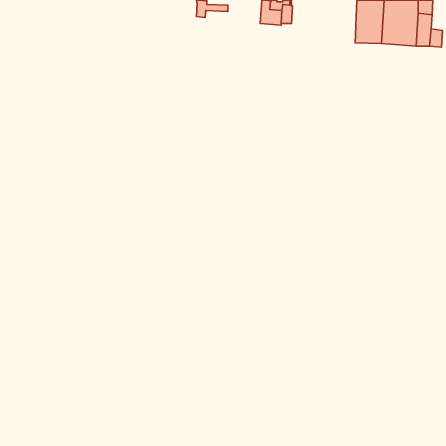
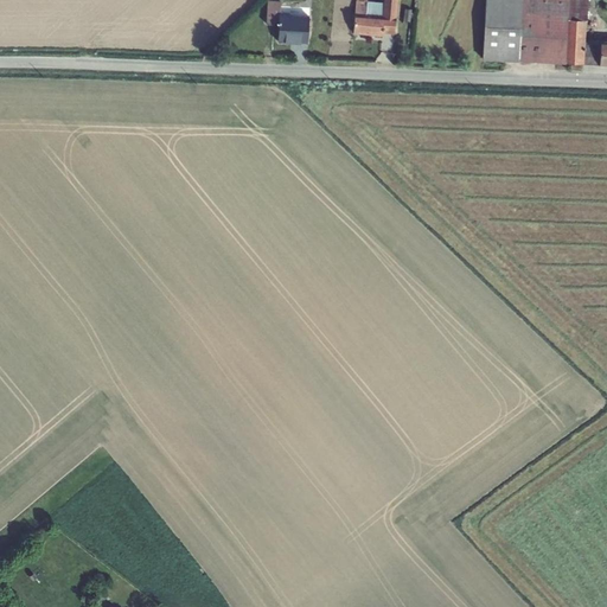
building: none -> [277,14,309,43]

